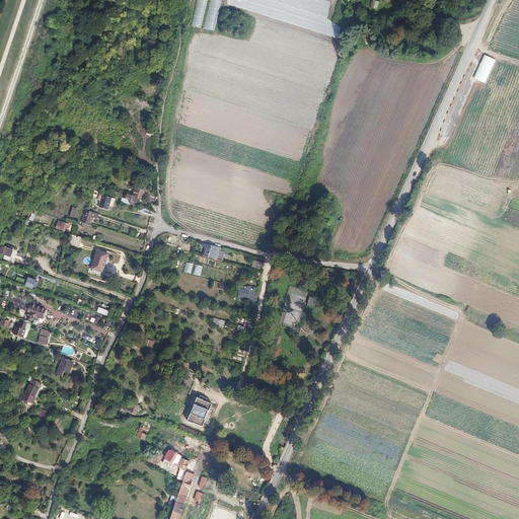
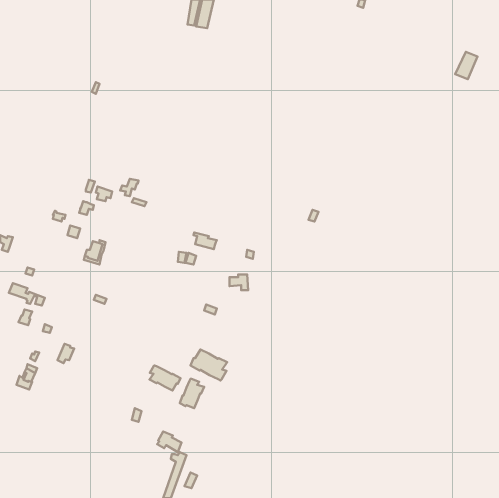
building: none -> [190,349,227,380]
building: none -> [149,365,180,390]

